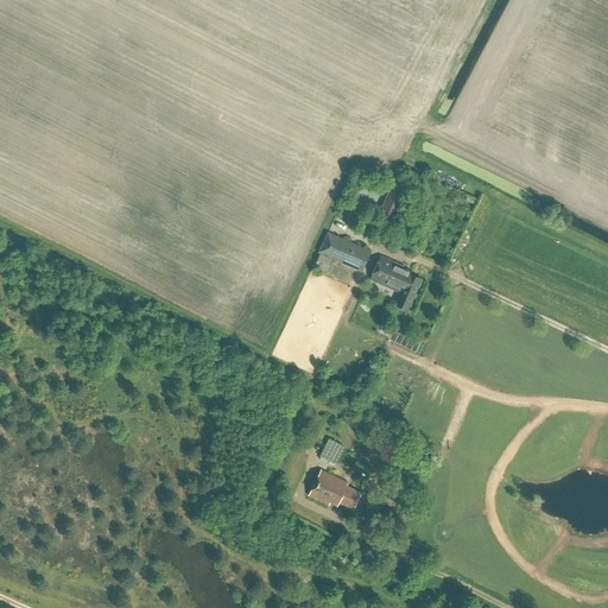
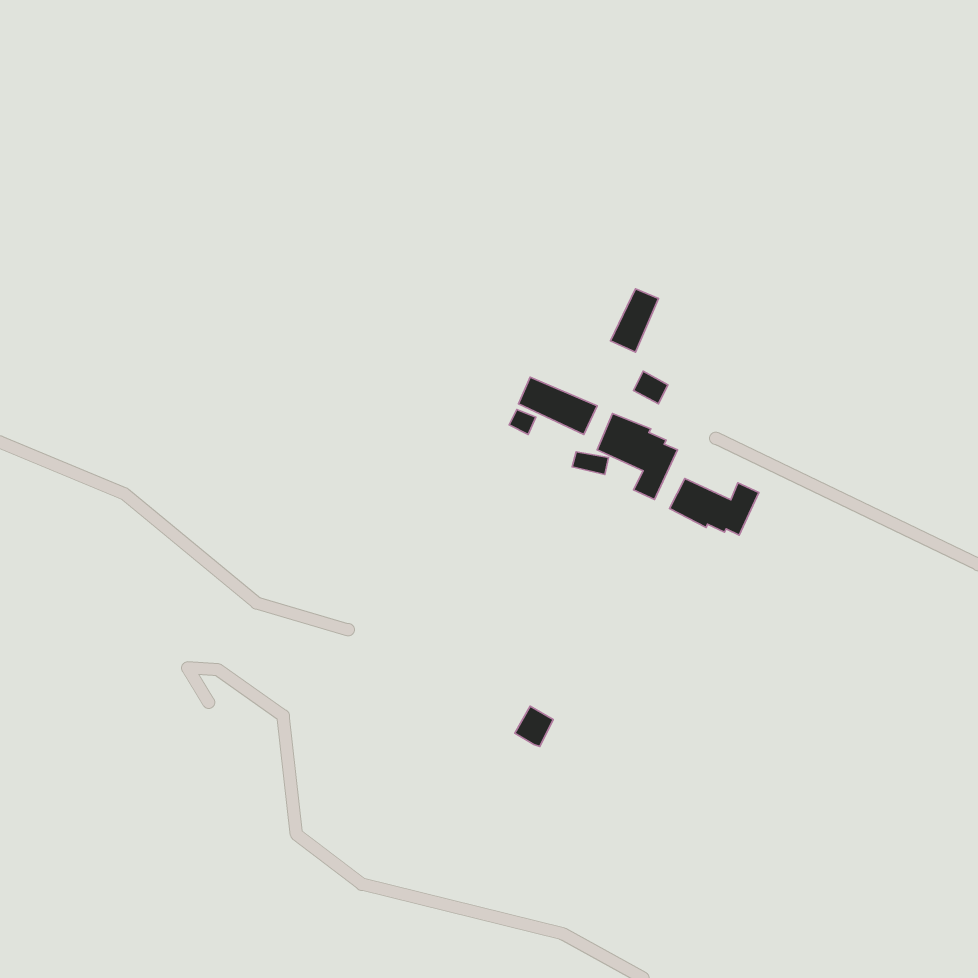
building: none -> [670,478,759,535]
building: [309,470,361,509] -> none

